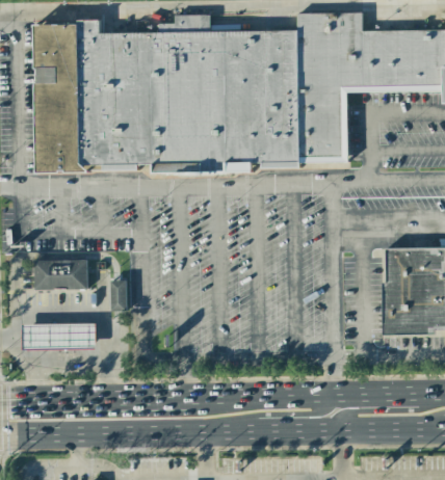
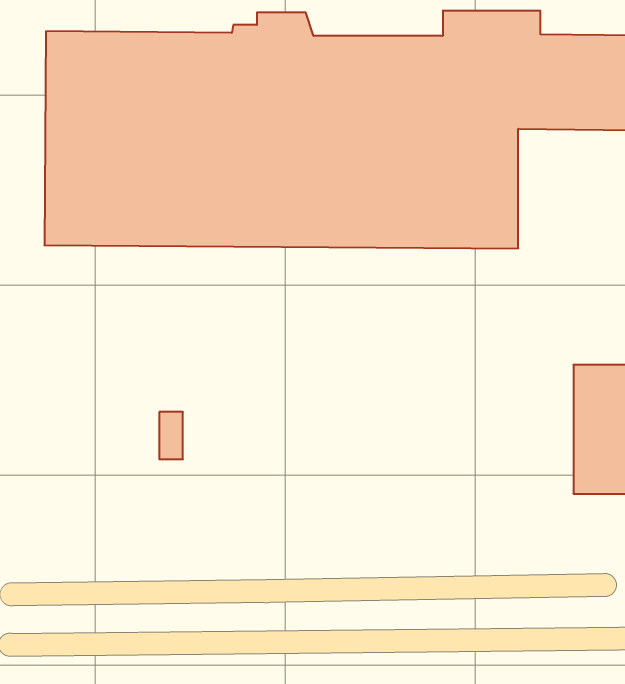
building: [33,259,87,288] -> none
building: [20,322,96,349] -> none

